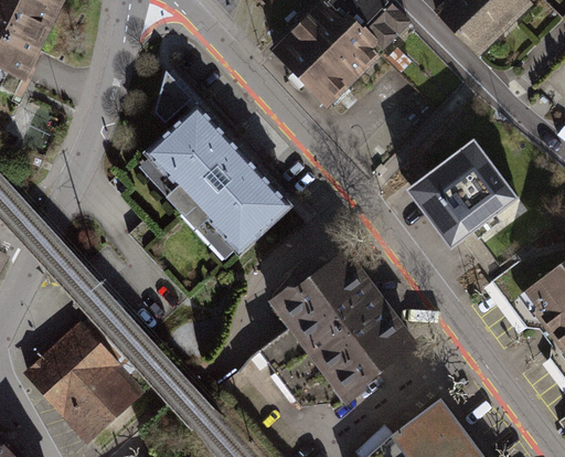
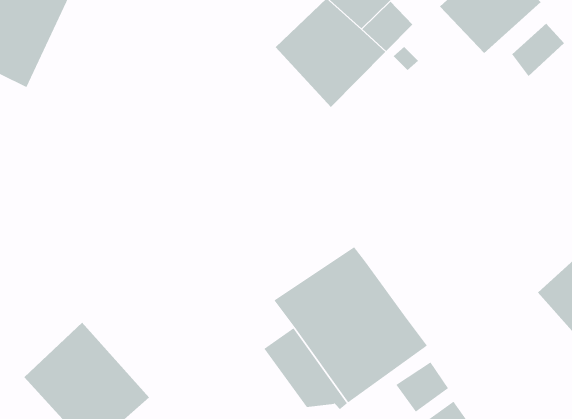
building: none -> [511,23,565,77]
building: [134,71,294,264] -> none
building: [402,137,515,246] -> none
building: none -> [396,362,449,412]

